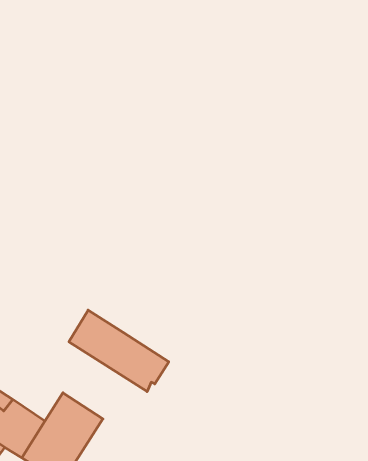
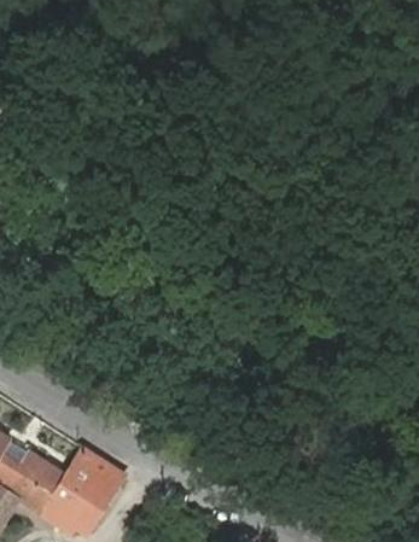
building: [69,310,169,392] -> none

